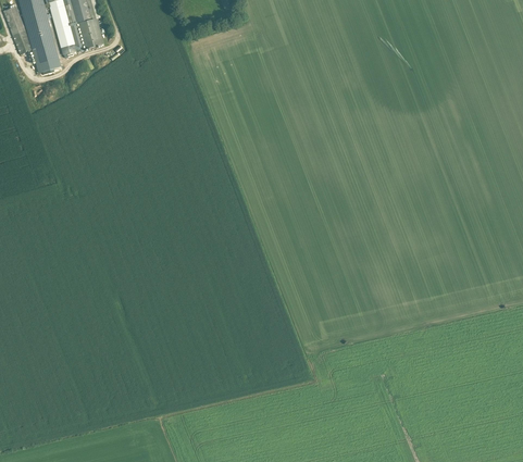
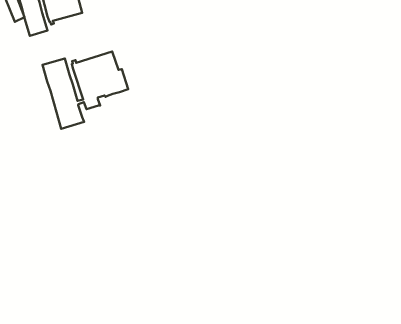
building: none -> [43,52,128,129]

